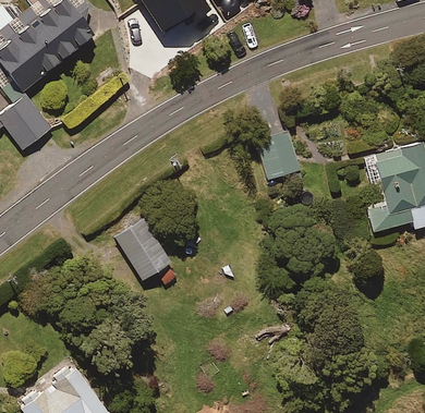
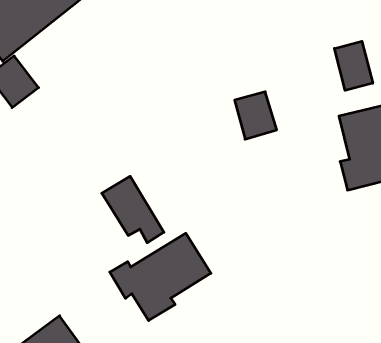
building: none -> [334,41,373,90]
building: none -> [110,233,211,321]

